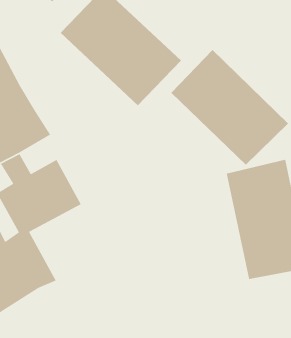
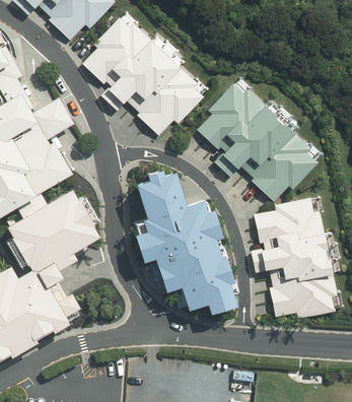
building: none -> [34,104,71,142]
building: none -> [136,170,240,312]

